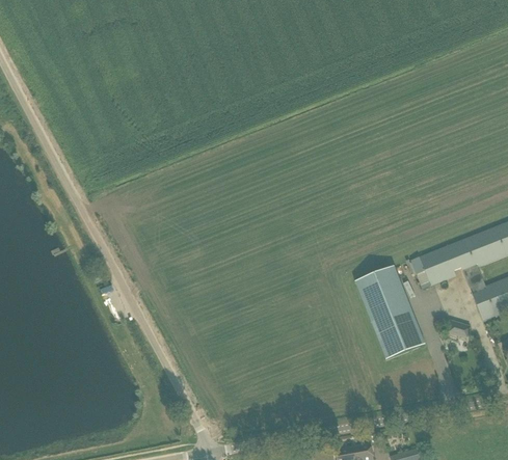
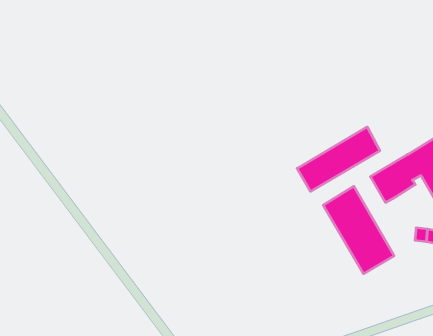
building: none -> [297,127,380,191]

